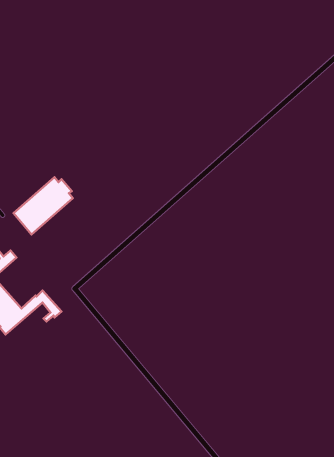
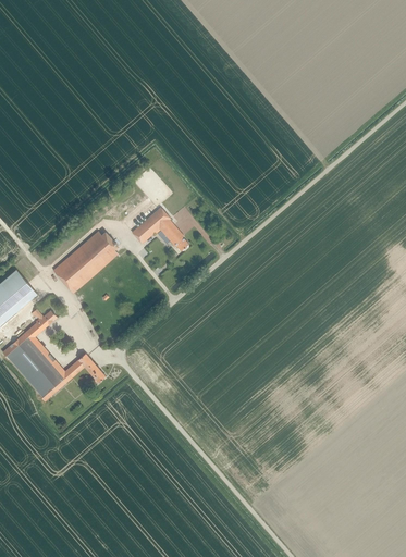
building: none -> [132,207,188,250]

